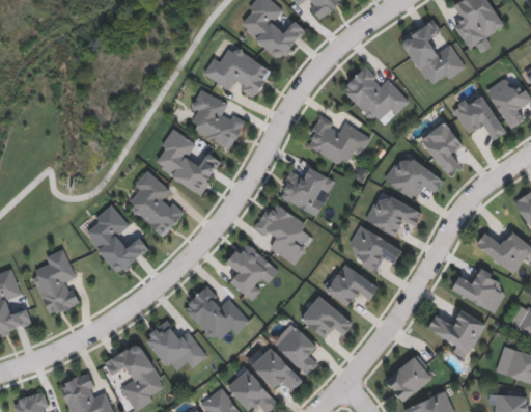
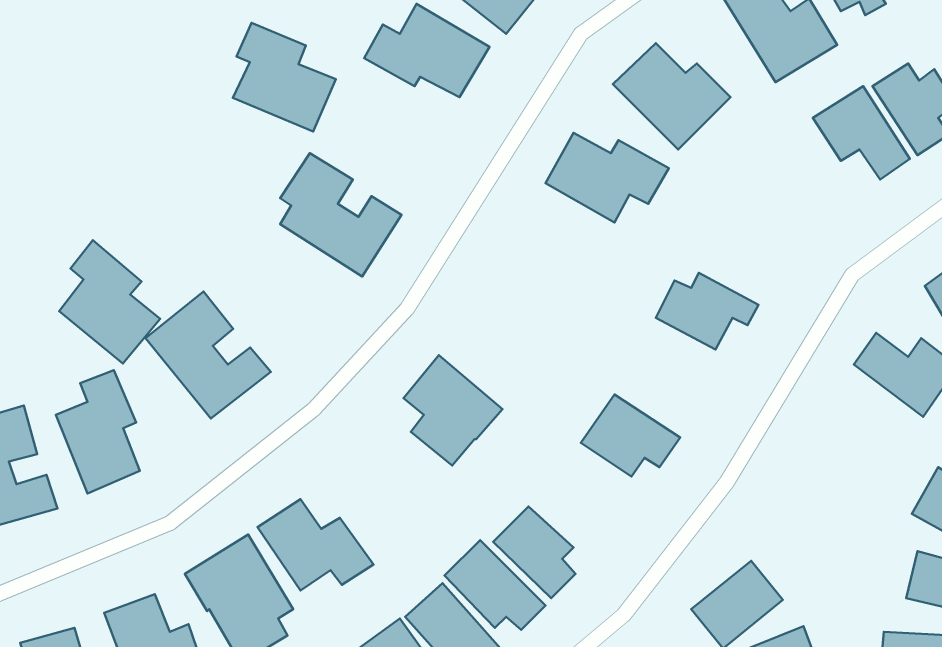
building: [188,89,245,149] -> [233,23,336,131]
building: [419,119,464,173] -> none
building: [383,156,443,201] -> none
building: [276,165,335,216] -> none
building: [128,169,184,238] -> [59,240,160,364]
building: [253,202,310,265] -> none
building: [347,223,401,273] -> none
building: [450,266,504,312] -> none
building: [181,285,250,344] -> none
building: [299,294,353,339] -> none
building: [427,309,485,359] -> none

